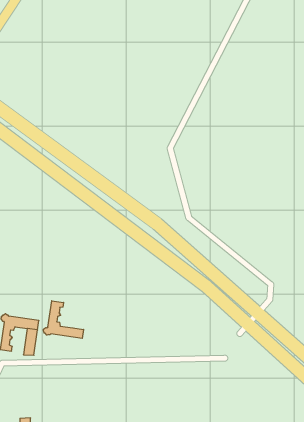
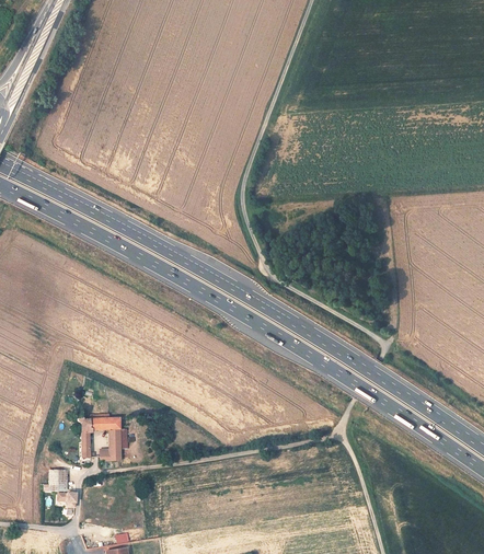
building: [43,301,84,338] -> none

